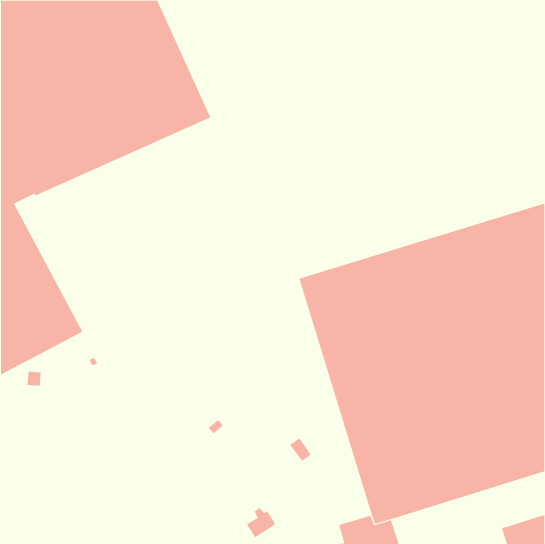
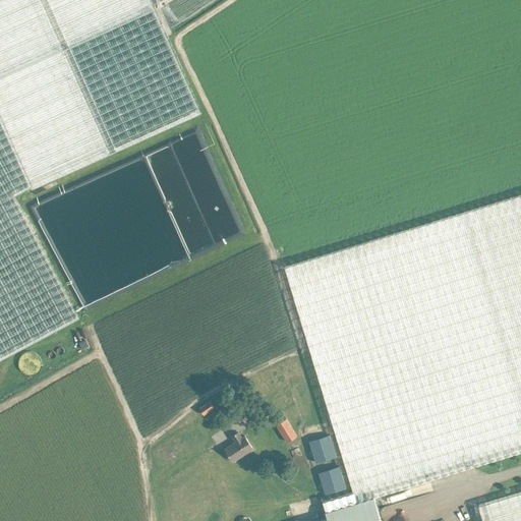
building: none -> [309,436,336,463]
building: none -> [319,467,345,494]
building: [246,507,276,538] -> [225,432,253,462]

